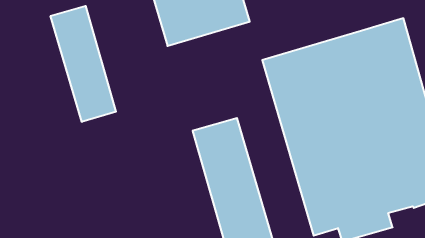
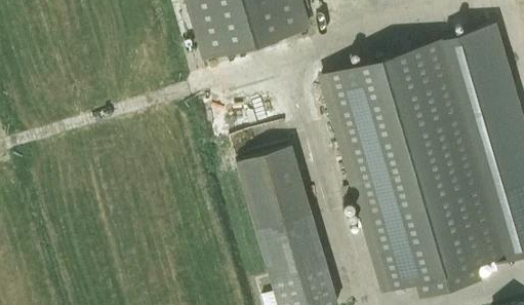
building: [51,6,116,122] -> none

